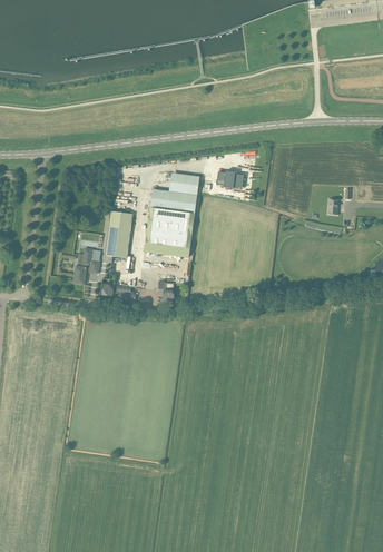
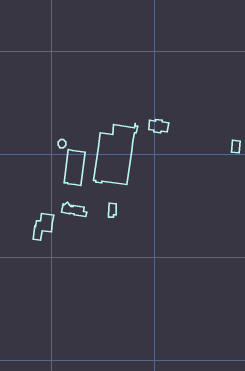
building: [73,247,101,283] -> [33,213,54,240]

